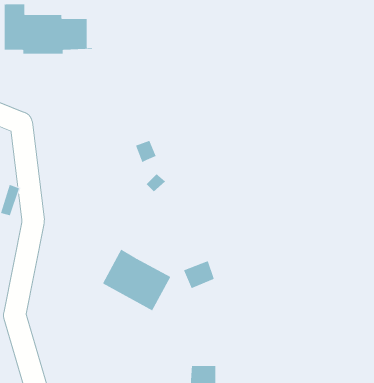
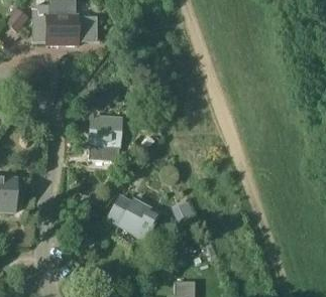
building: none -> [88,117,121,160]

